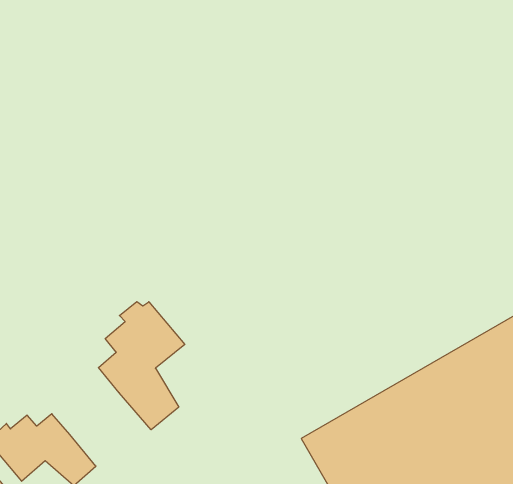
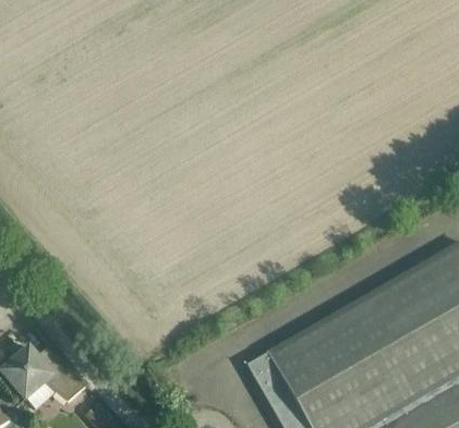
building: [98,302,185,430] -> none

